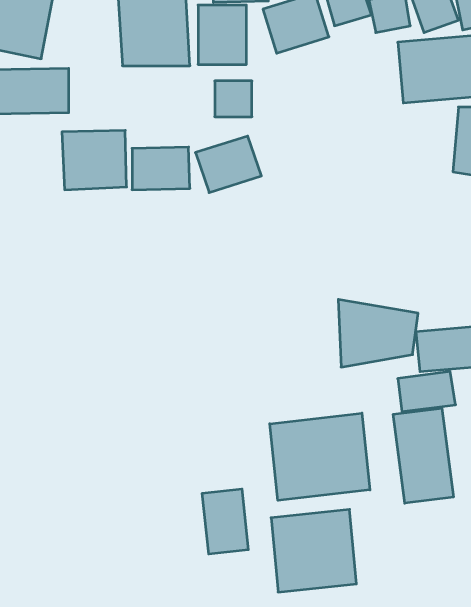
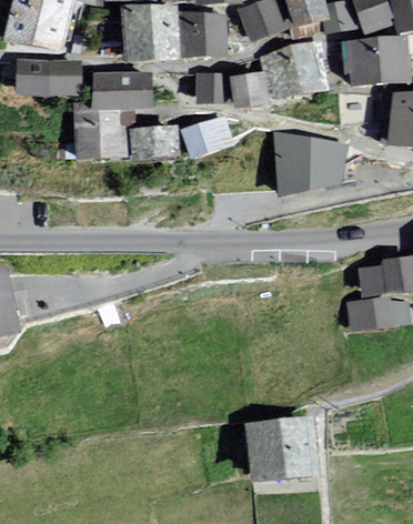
building: none -> [265,43,326,102]
building: none -> [229,68,266,108]
building: none -> [93,69,152,109]
building: [338,299,418,367] -> [280,132,344,187]
building: [393,408,453,503] -> none
building: [270,413,370,500] -> none
building: [202,489,248,554] -> none

